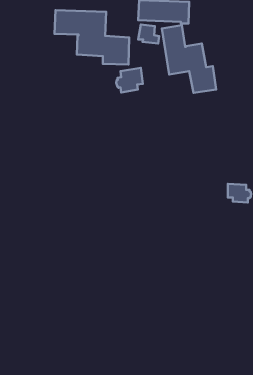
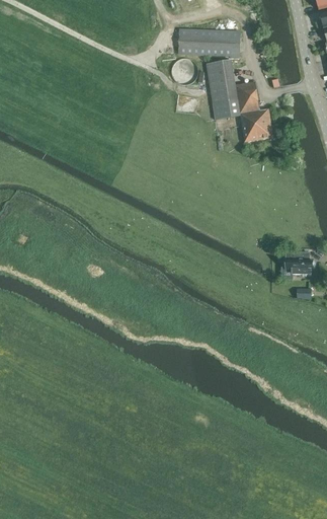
building: [54,10,129,64] -> none
building: [116,68,143,93] -> none

